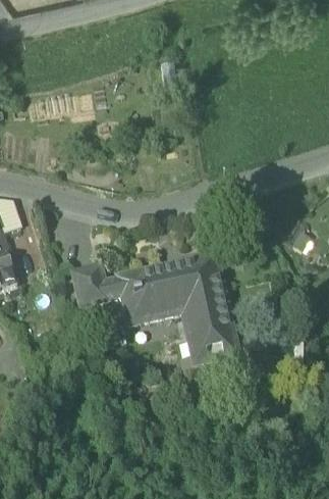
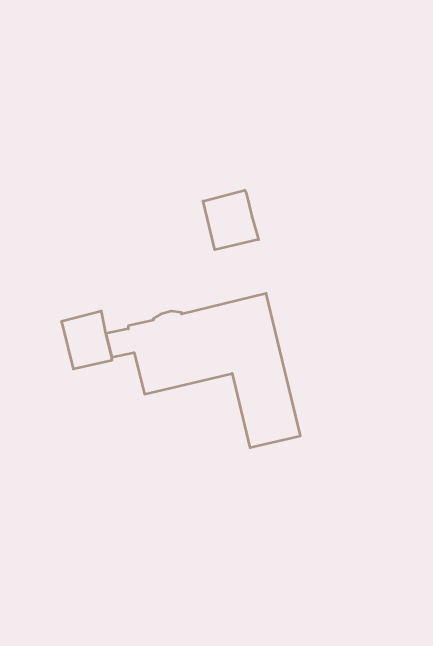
building: none -> [203,190,259,250]

